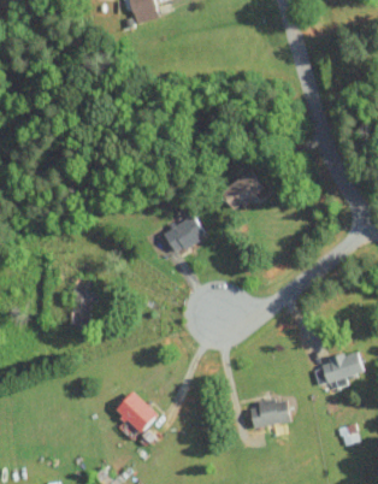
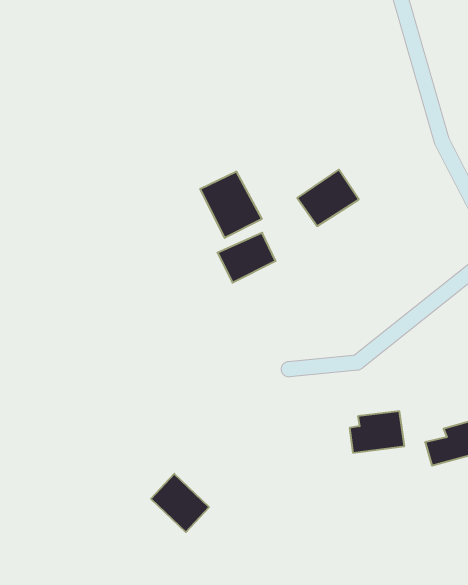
building: none -> [200,171,262,238]
building: [250,399,290,429] -> [350,411,404,453]

